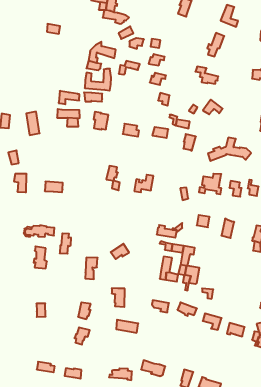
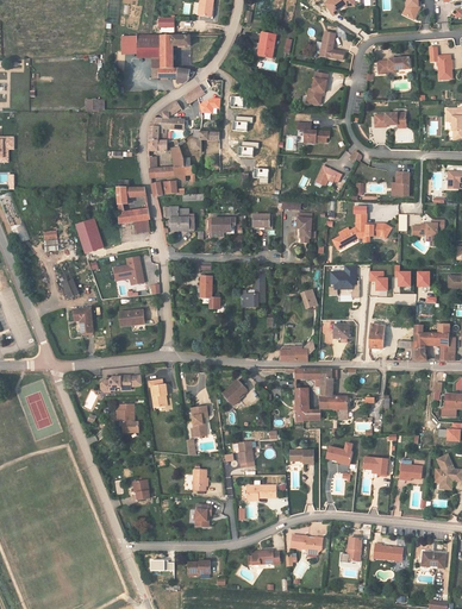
building: none -> [113,256,144,284]

